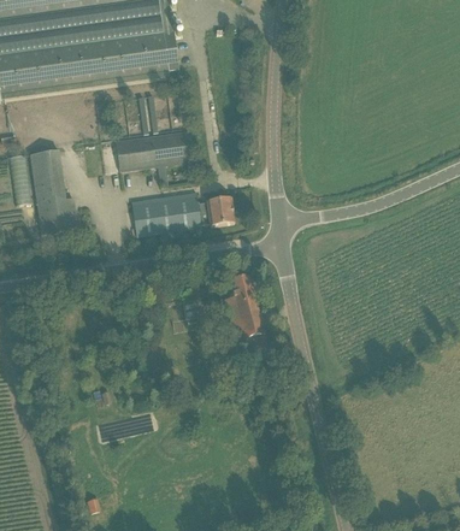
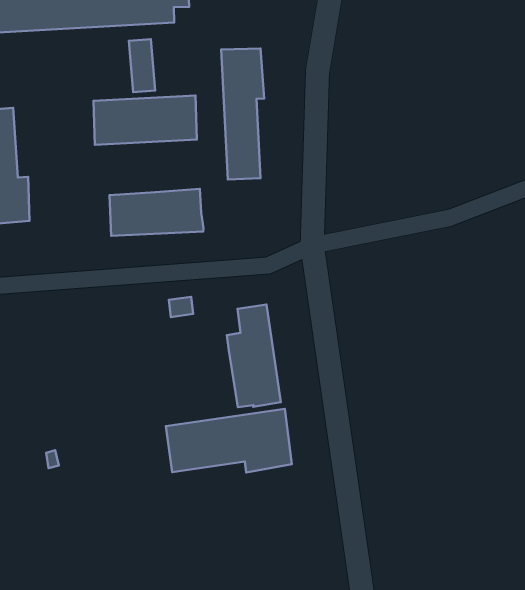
building: none -> [221,48,264,179]
building: [197,194,232,222] -> none
building: none -> [166,409,292,473]

